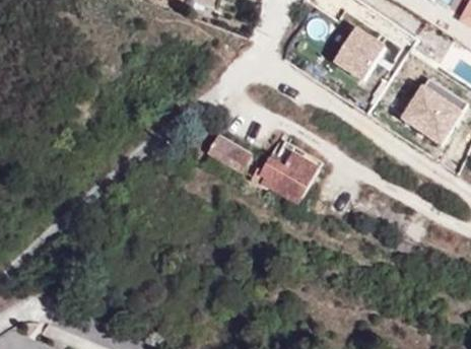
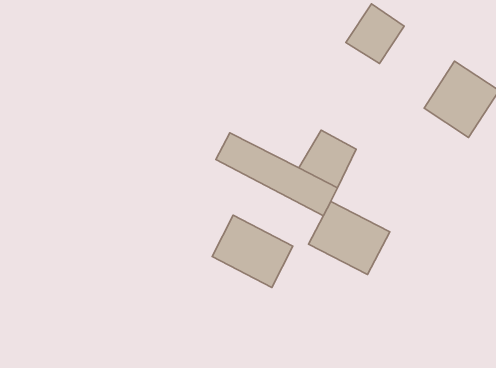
building: none -> [309,201,390,275]
building: none -> [212,215,293,288]

